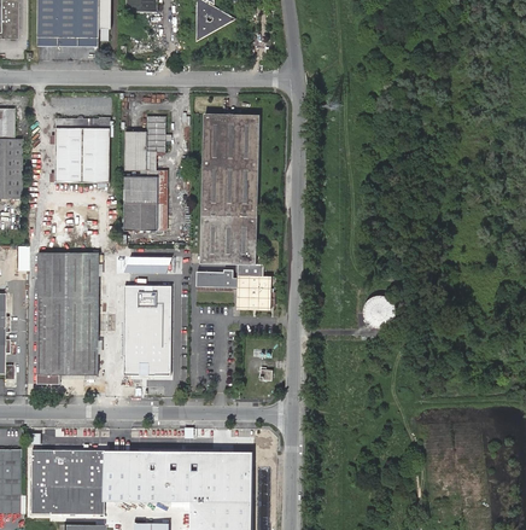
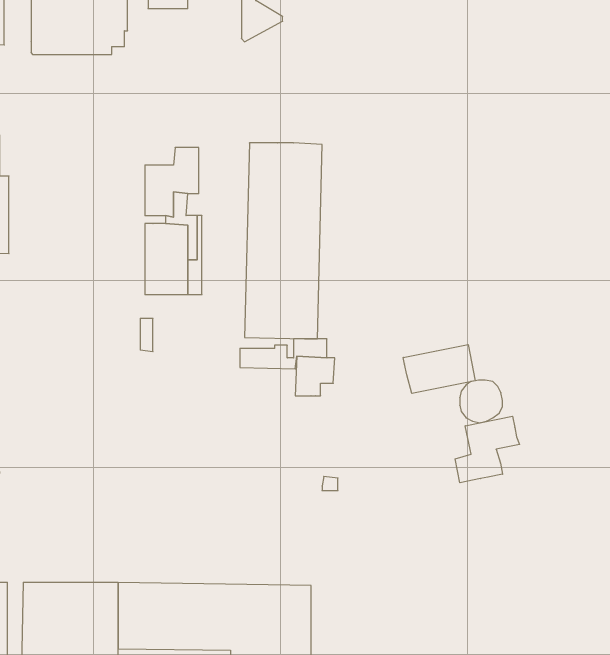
building: [54,117,110,182] -> none
building: [36,252,98,384] -> none
building: none -> [403,345,475,393]
building: [123,285,170,377] -> none
building: none -> [455,416,520,483]

